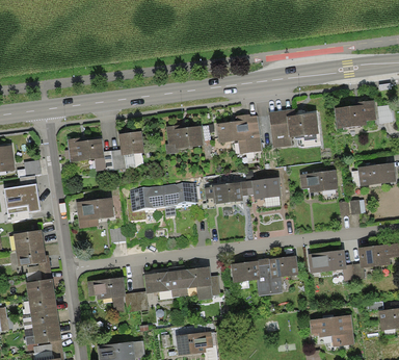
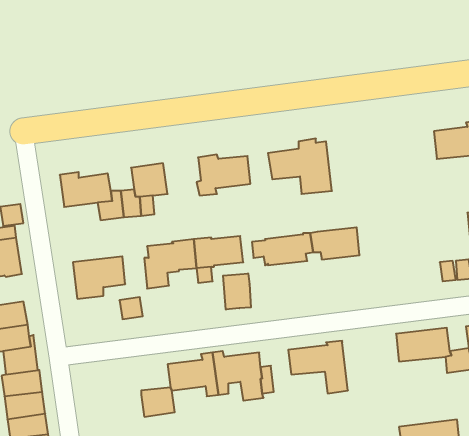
building: [268,109,318,148] -> none
building: [299,171,338,192] -> none
building: none -> [223,273,251,310]
building: [268,256,297,293] -> none
building: [86,277,125,313] -> none

